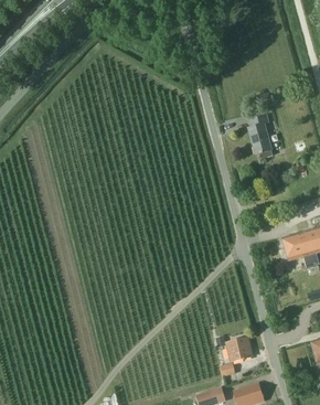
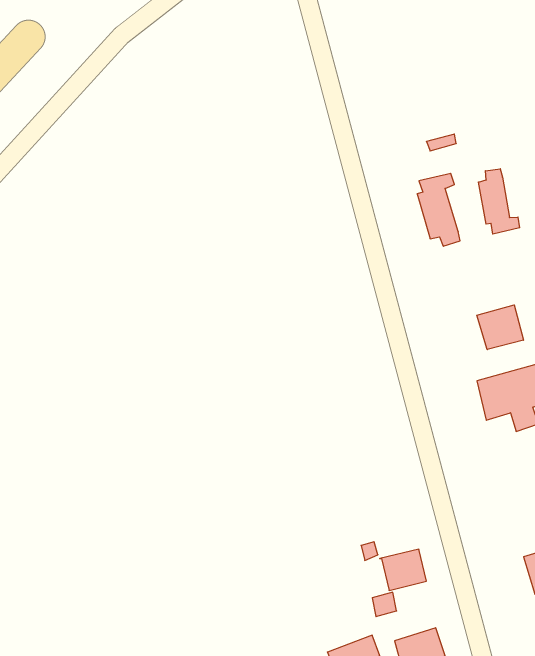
building: none -> [478,169,520,234]
building: none -> [477,305,523,350]

